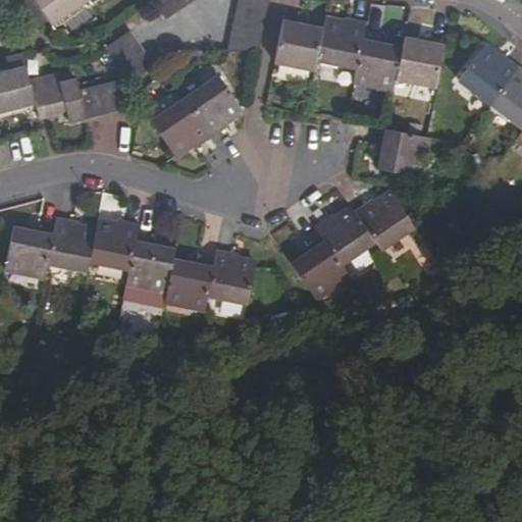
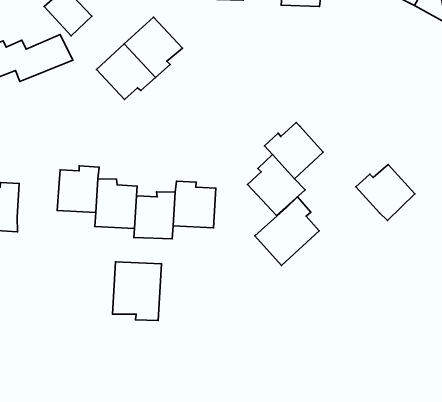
building: [378,128,431,177] -> none
building: [354,193,414,251] -> [356,165,415,220]
building: [46,216,96,271] -> none
building: none -> [255,197,319,266]
building: none -> [112,262,161,321]

